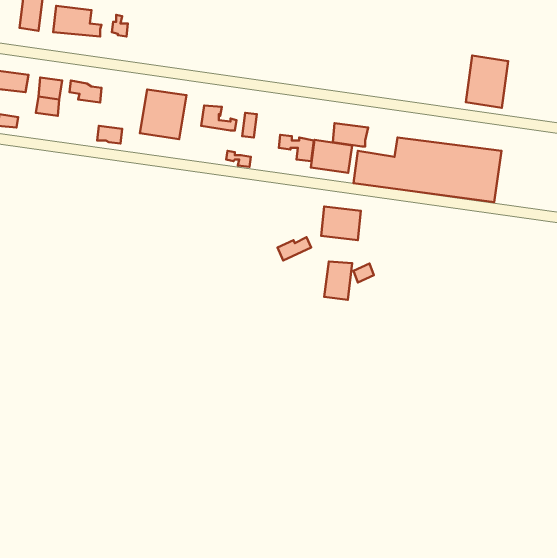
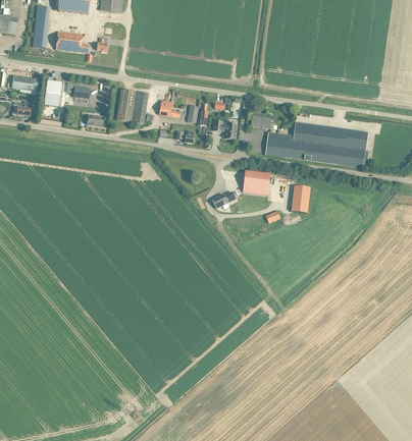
building: [466,55,508,108] -> none
building: [311,140,352,173] -> none
building: [324,262,352,300] -> [291,185,310,212]

